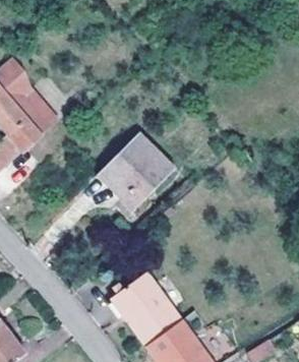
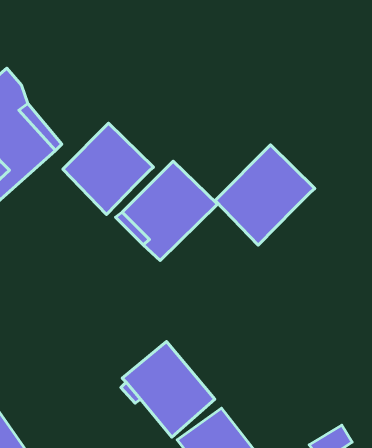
building: none -> [63,123,154,214]
building: none -> [215,145,315,245]

